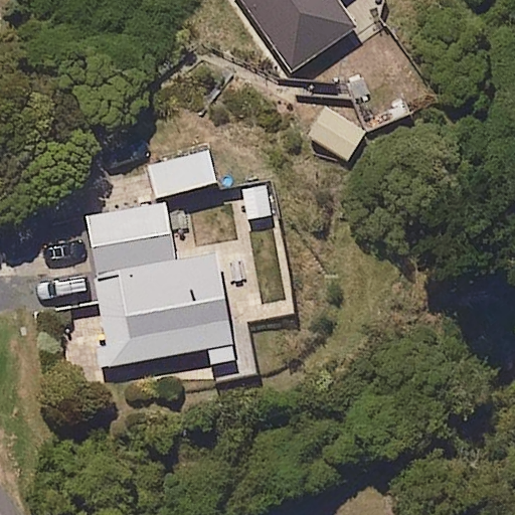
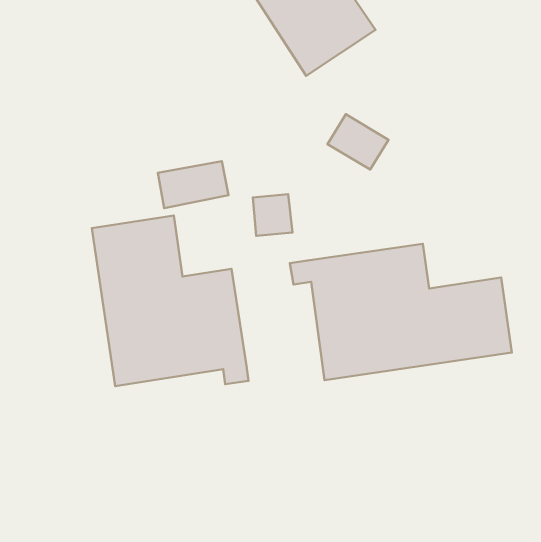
building: none -> [290,244,512,380]

